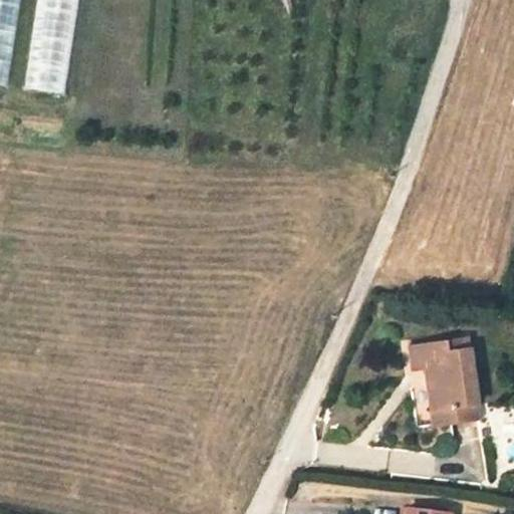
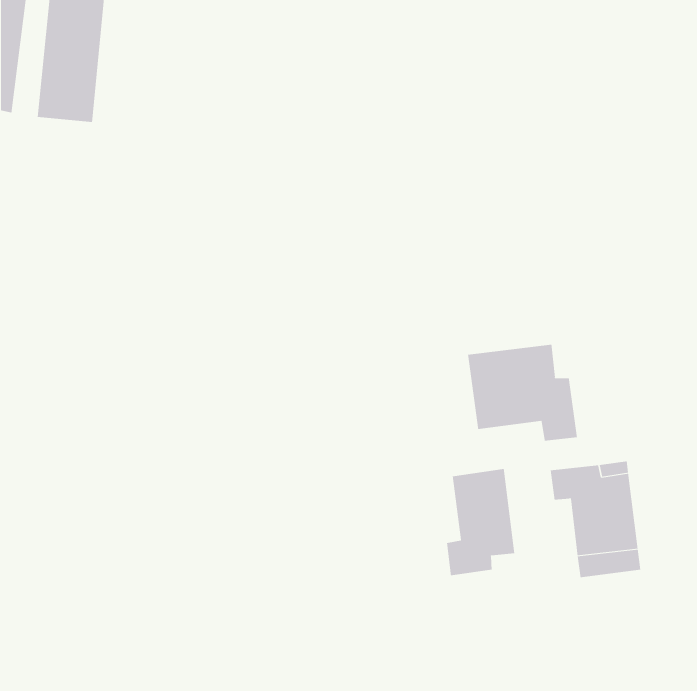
building: none -> [468,344,578,441]
building: none -> [447,468,515,576]

